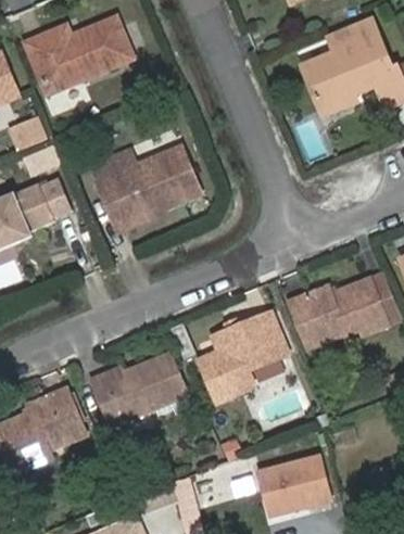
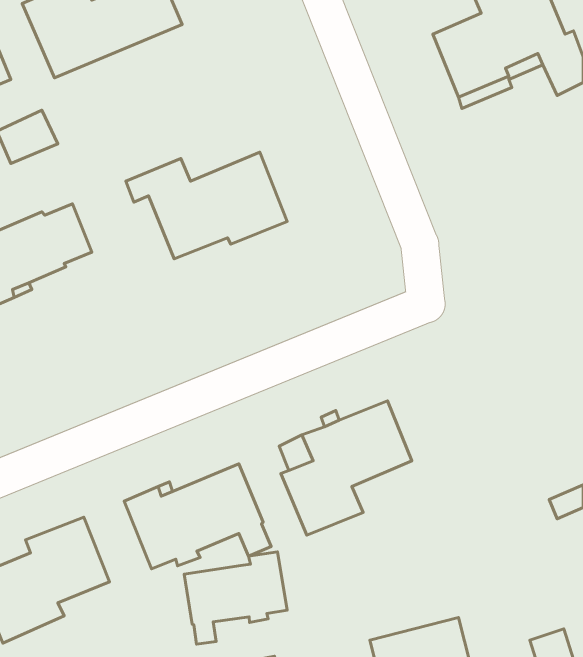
building: [97,173,167,231] -> none
building: [289,280,387,345] -> none
building: none -> [184,552,287,644]

